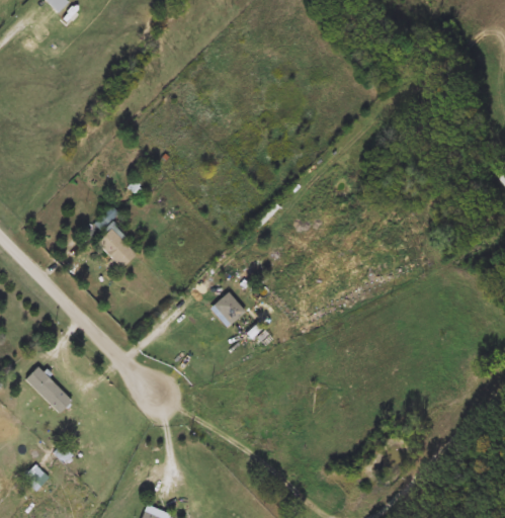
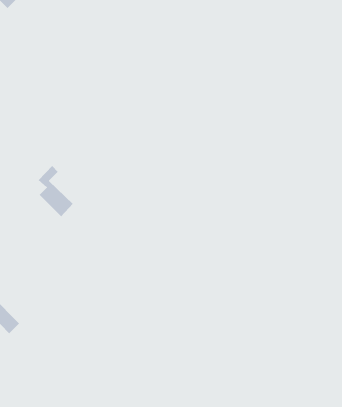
building: [214,292,245,325] -> none

